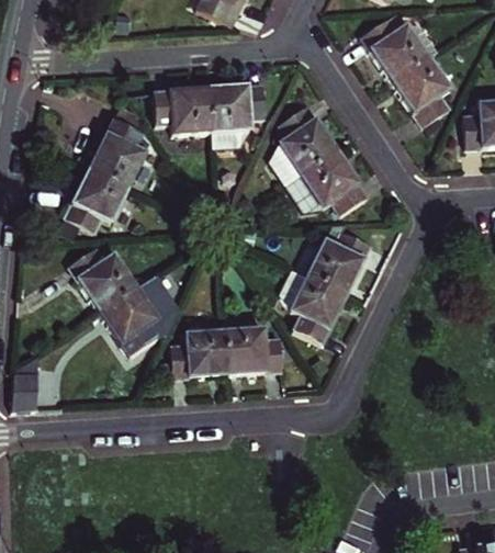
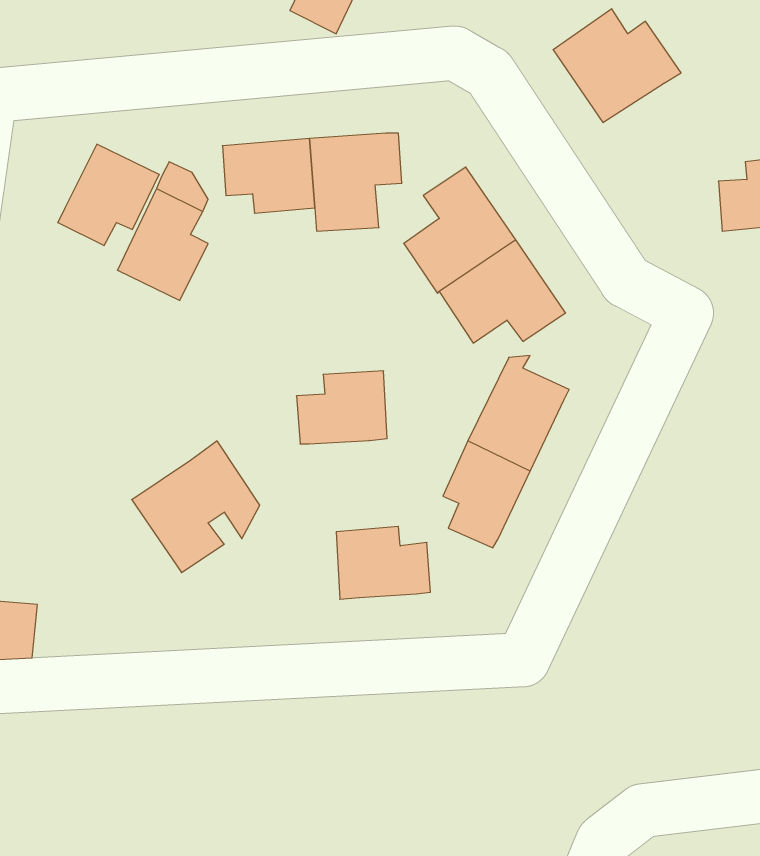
building: [390,54,448,123] -> none
building: [66,169,128,232] -> [58,144,159,246]
building: [68,248,135,311] -> none
building: [171,330,227,375] -> [296,371,387,444]

